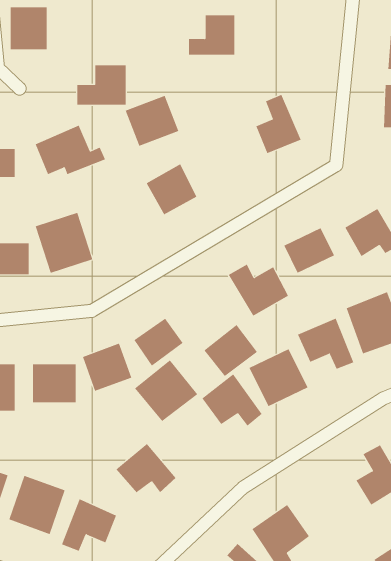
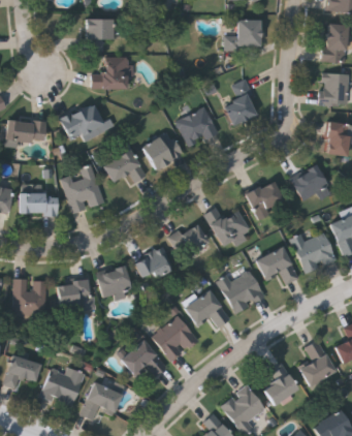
building: [10,7,47,50] -> [87,19,115,51]
building: [188,15,235,55] -> [225,19,260,49]
building: [125,95,179,147] -> [178,108,218,147]
building: none -> [103,150,146,183]
building: [204,324,258,377] -> [169,221,210,260]
building: [134,359,198,422] -> [152,315,199,362]
building: none -> [264,365,298,404]

